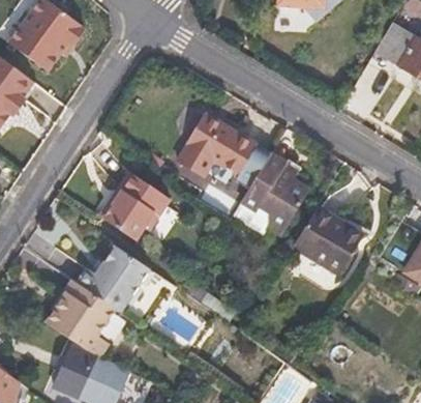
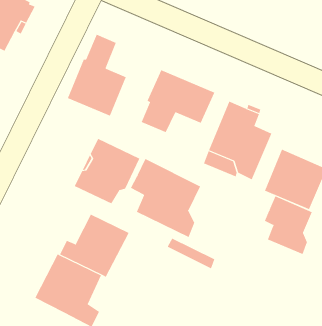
building: none -> [67,34,126,117]
building: none -> [130,158,201,238]
building: none -> [264,195,313,255]

